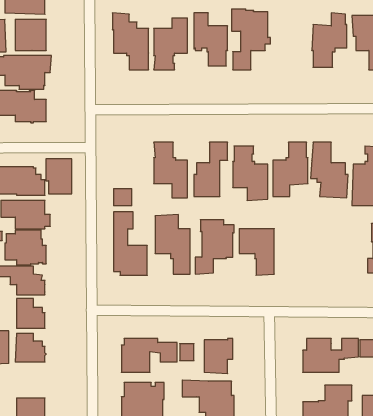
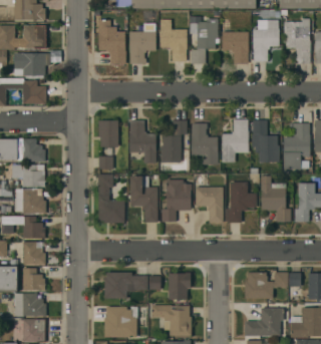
building: none -> [222,31,248,63]
building: [46,159,72,194] -> [98,119,118,146]
building: none -> [261,176,291,221]
building: none -> [228,182,257,223]
building: none -> [15,292,46,316]

